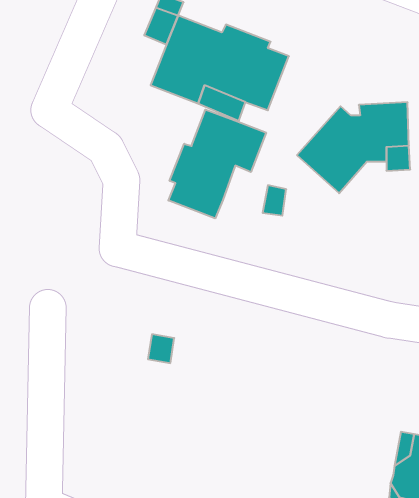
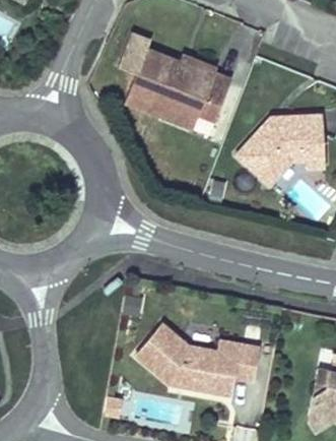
building: [168,110,266,218] -> none
building: none -> [136,324,259,394]

